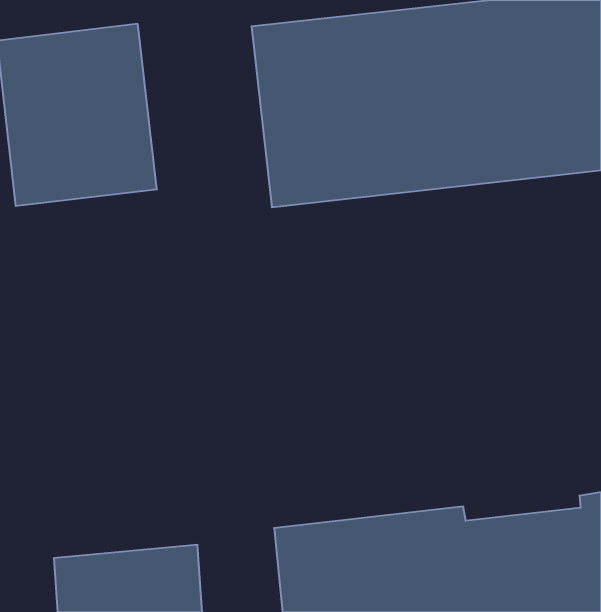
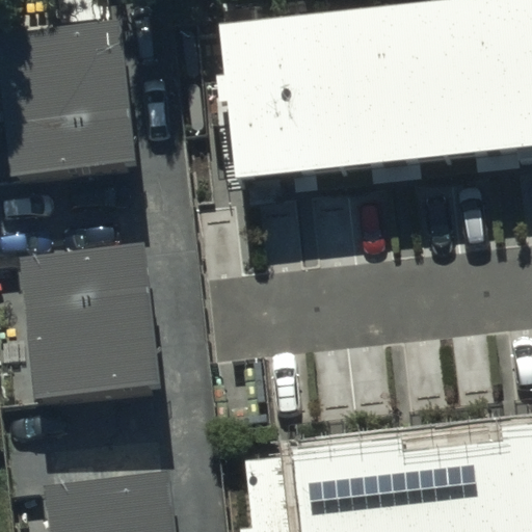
building: none -> [22,247,158,401]

